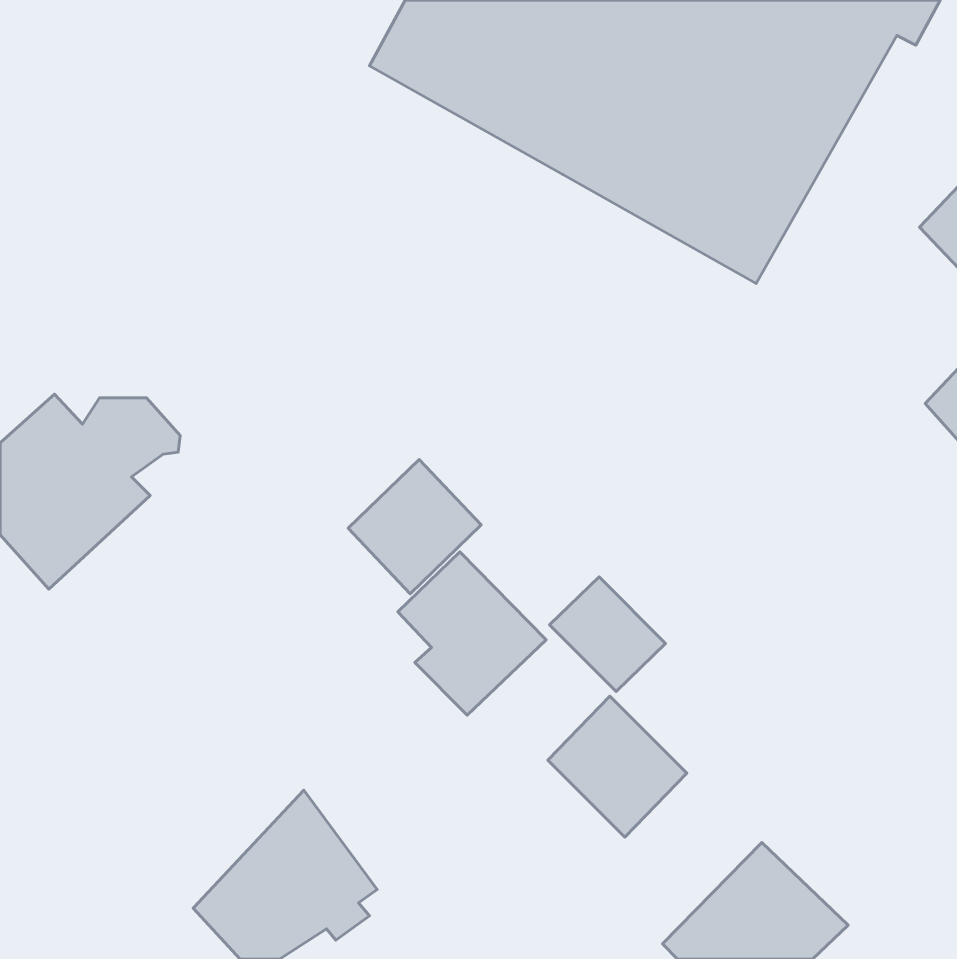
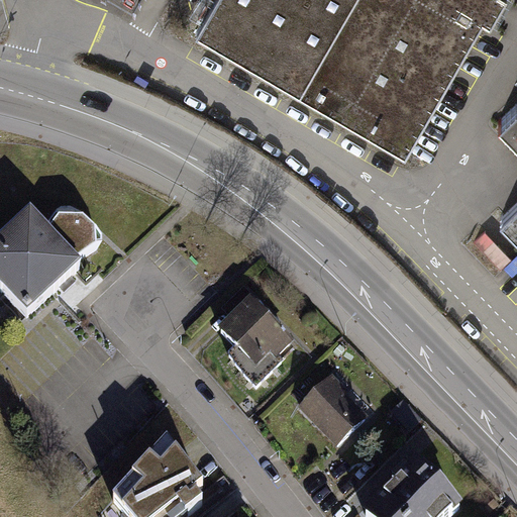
building: [348,459,481,594] -> none
building: [550,577,666,691] -> none

